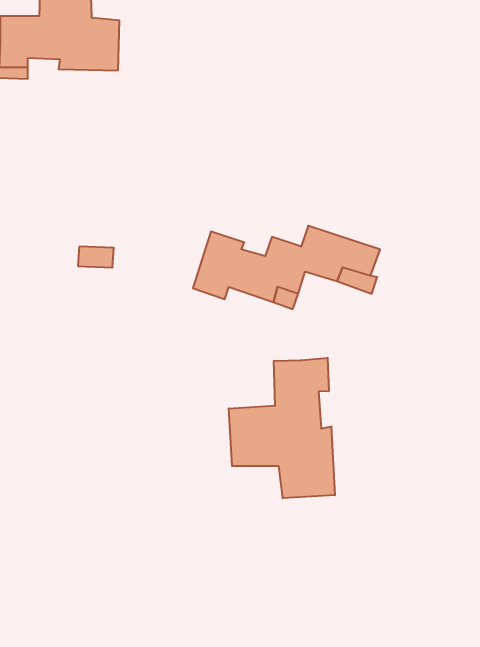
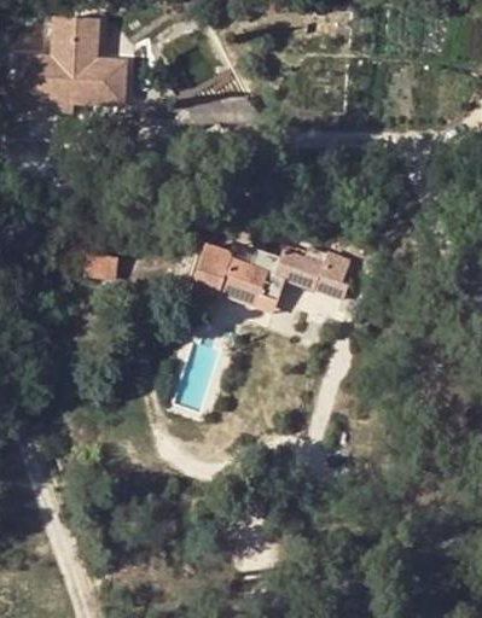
building: [229,358,335,498] -> none

